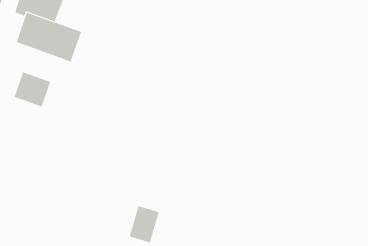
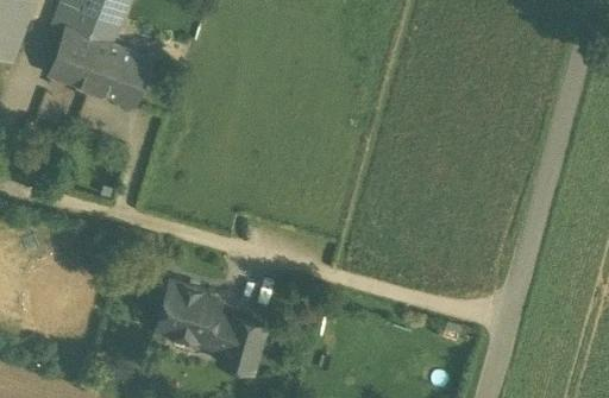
building: [14,71,51,108] -> none
building: none -> [158,283,232,342]

